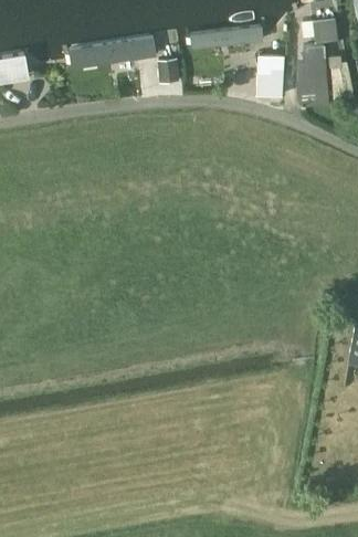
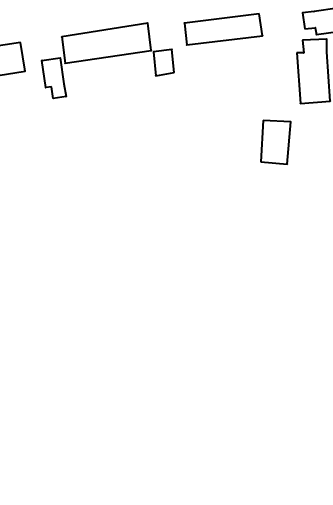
building: [256,56,285,98] -> [261,121,291,164]
building: none -> [42,58,66,98]

